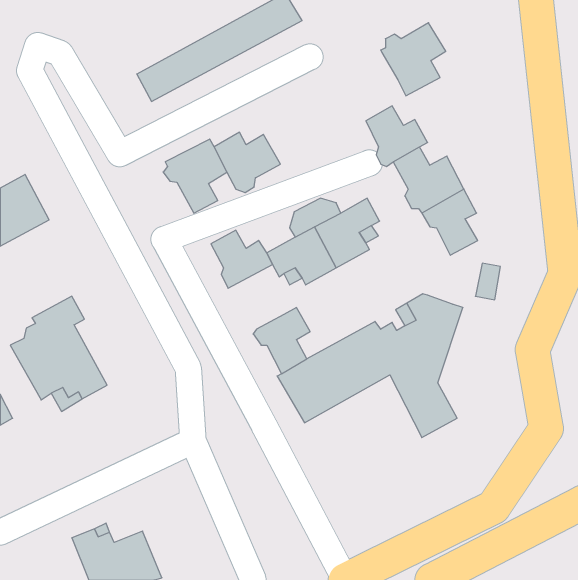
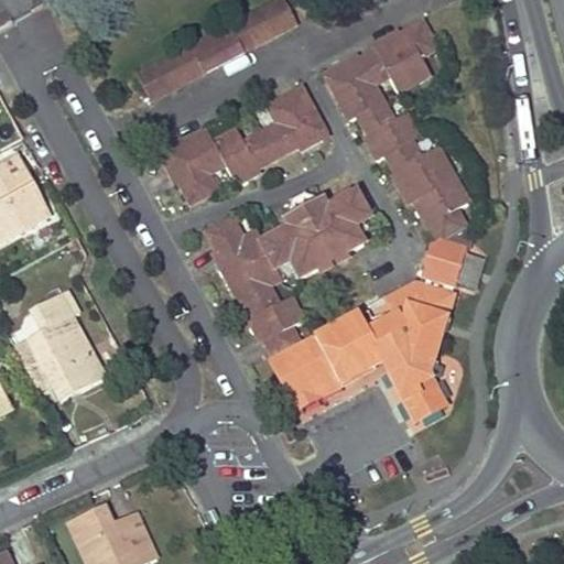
building: none -> [327,51,389,121]
building: none -> [259,86,325,159]
building: none -> [417,232,470,294]
building: none -> [225,256,280,318]

